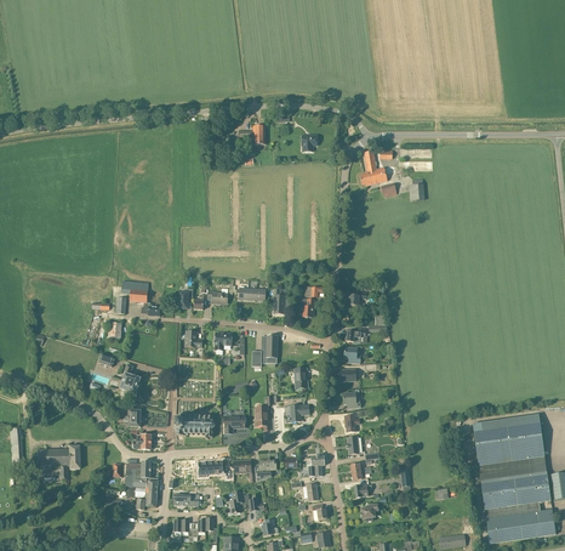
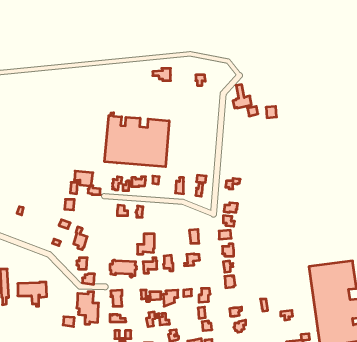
building: none -> [105,113,169,167]
building: [252,335,278,365] -> [137,234,154,254]

